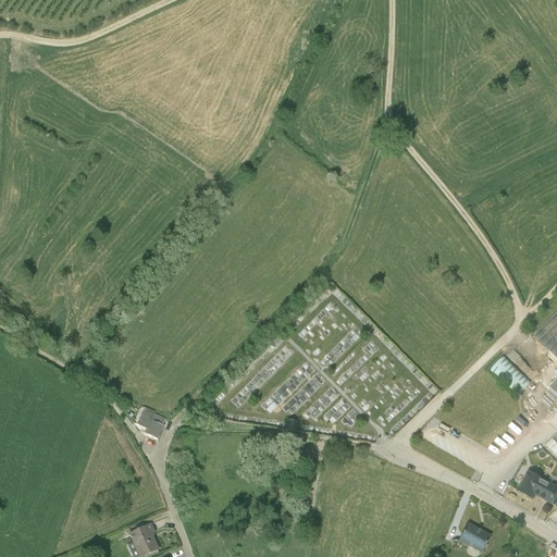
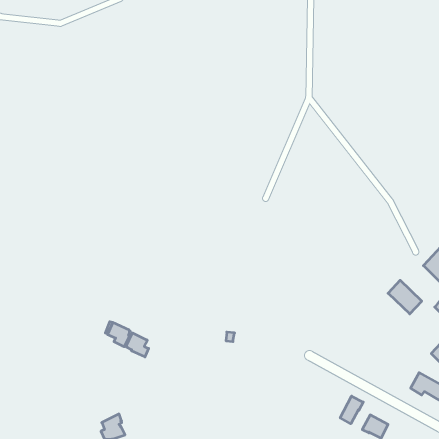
building: none -> [126,333,149,357]
building: none -> [340,396,363,424]

